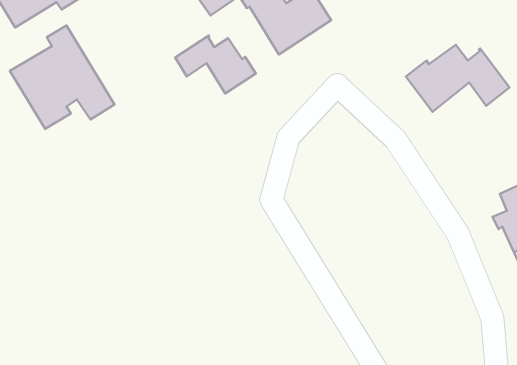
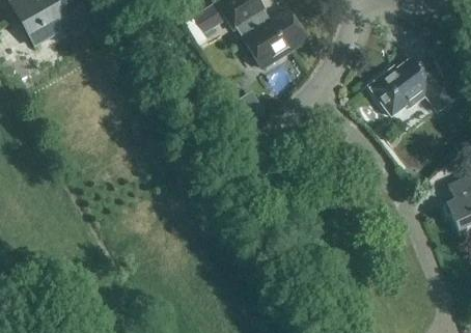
building: [10,26,114,129] -> none
building: [175,35,256,93] -> none

